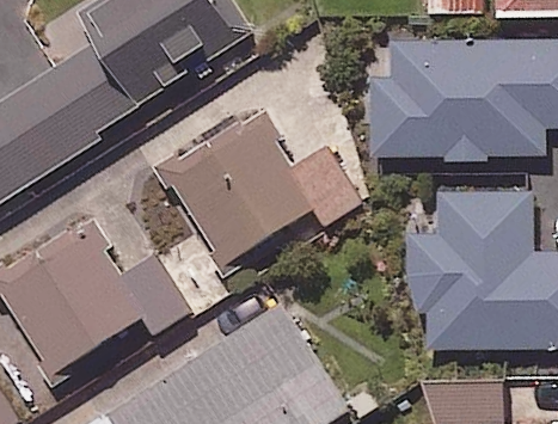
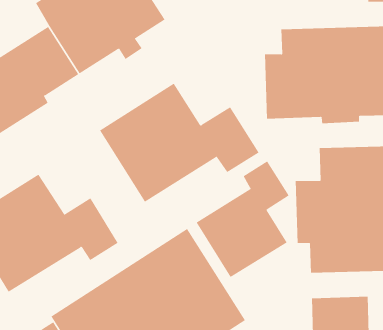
building: none -> [196,160,289,278]

